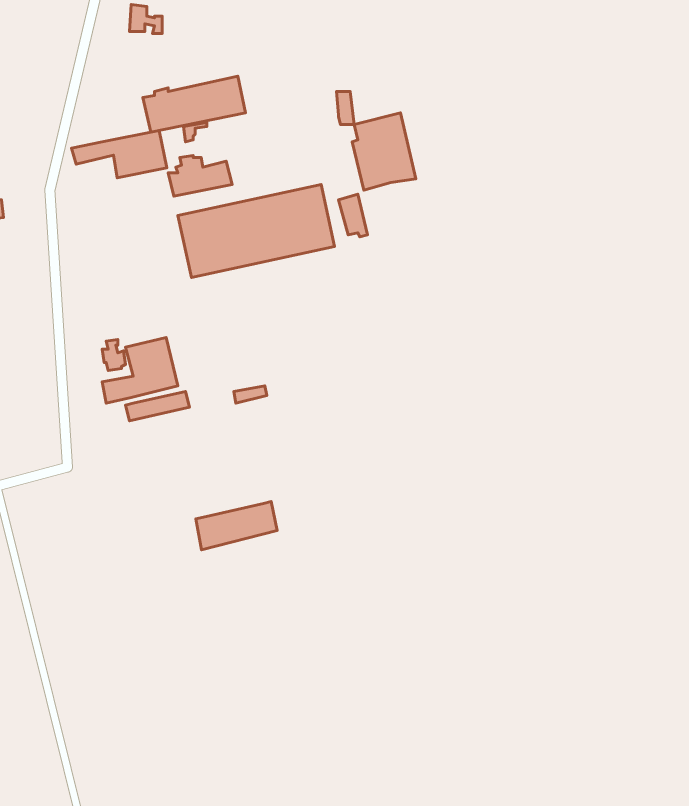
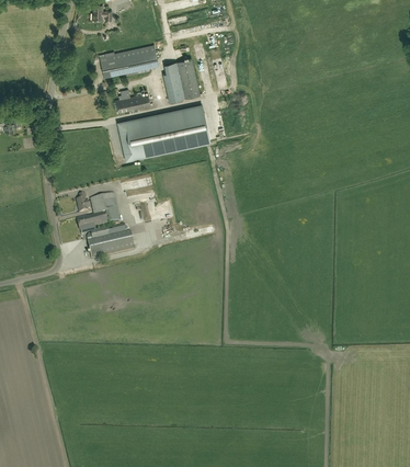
building: [352,113,416,190] -> [163,58,200,102]
building: [72,131,167,178] -> none
building: [196,502,277,550] -> [88,231,134,259]

